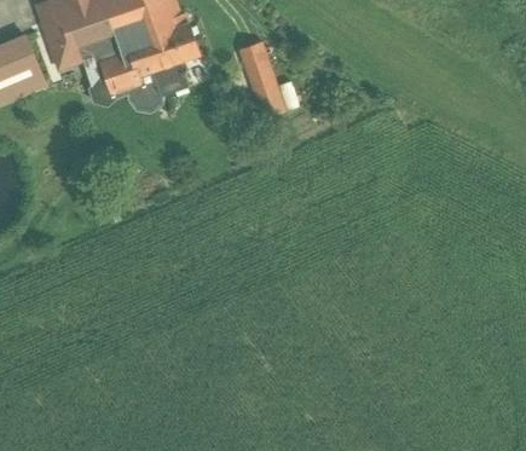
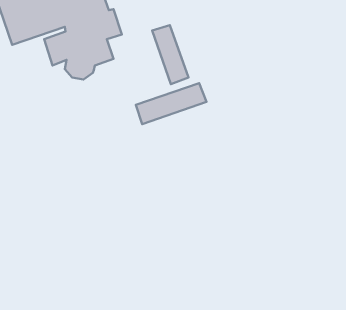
building: none -> [136,83,206,124]

